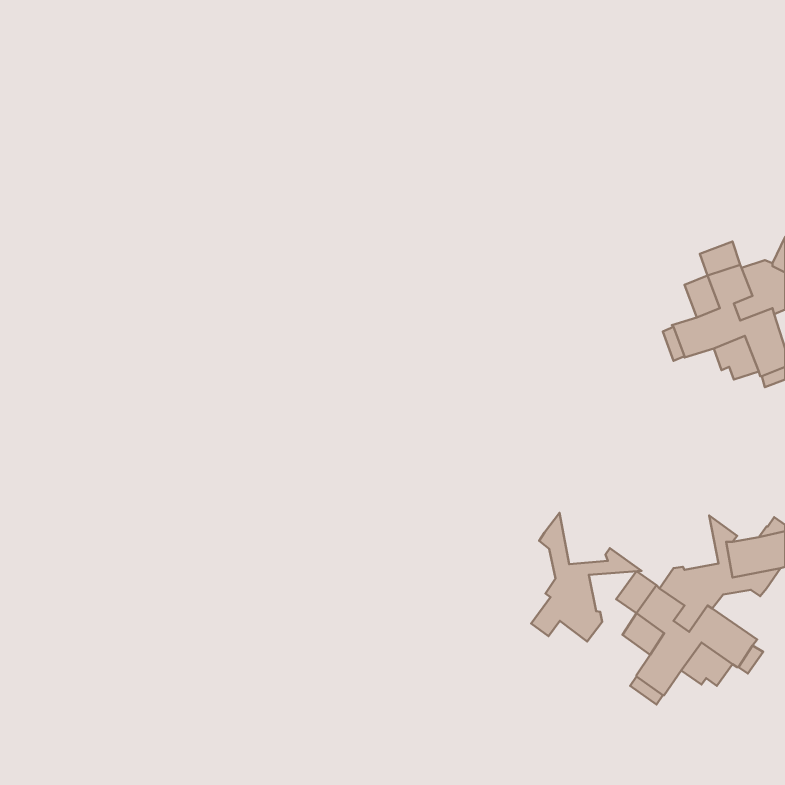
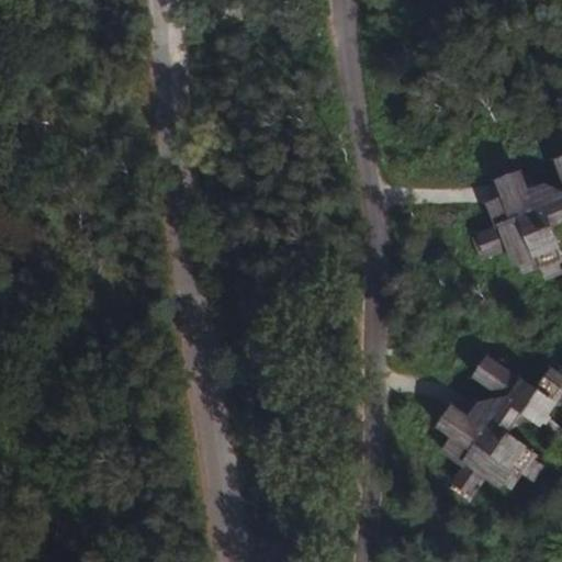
building: none -> [477,358,509,404]
building: [531,513,642,641] -> none

